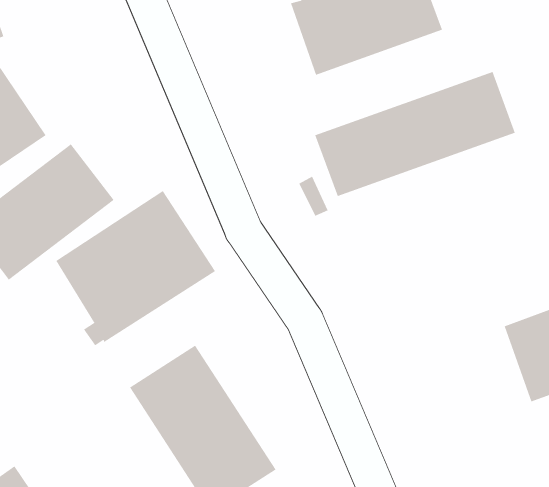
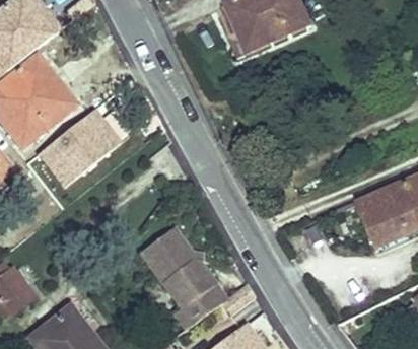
building: [315,71,516,197] -> none
building: [55,190,216,346] -> none

